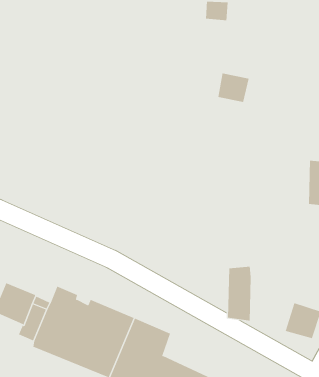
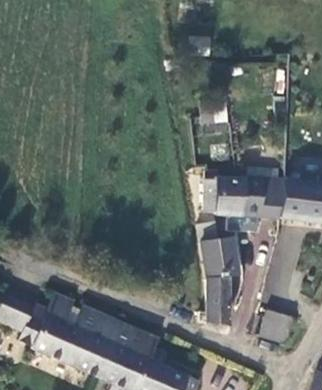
building: none -> [202,177,282,220]
building: none -> [198,221,238,278]

